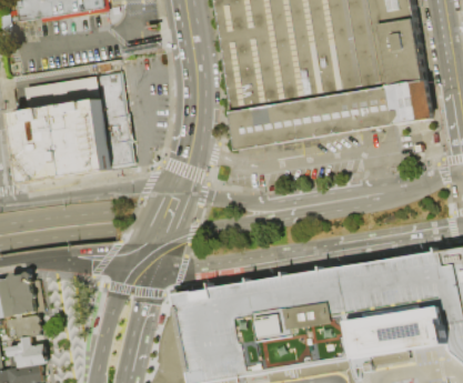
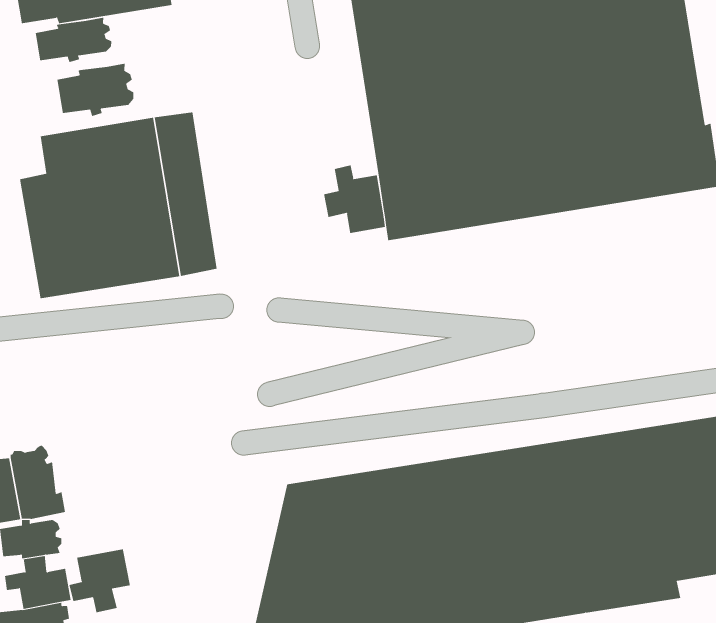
building: none -> [35,17,112,63]
building: none -> [57,63,134,117]
building: none -> [324,165,386,234]
building: none -> [69,549,131,613]

